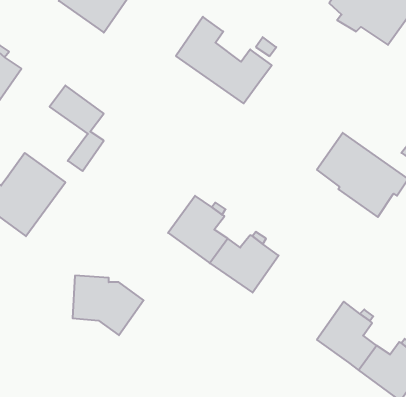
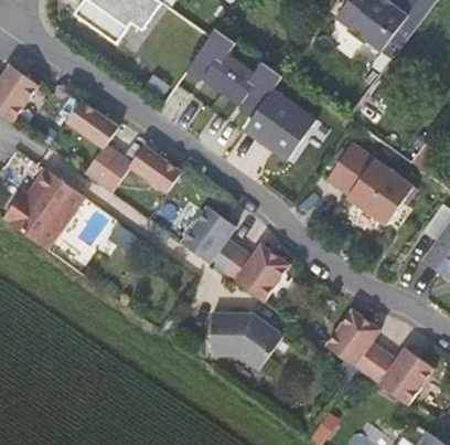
building: none -> [244,91,315,161]
building: none -> [97,142,181,191]
building: [73,276,144,335] -> [211,309,280,368]

